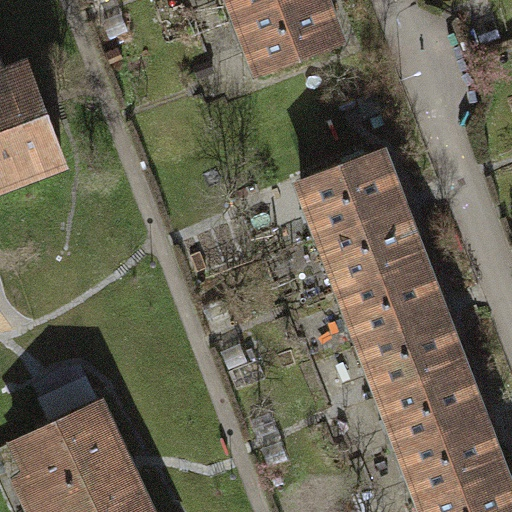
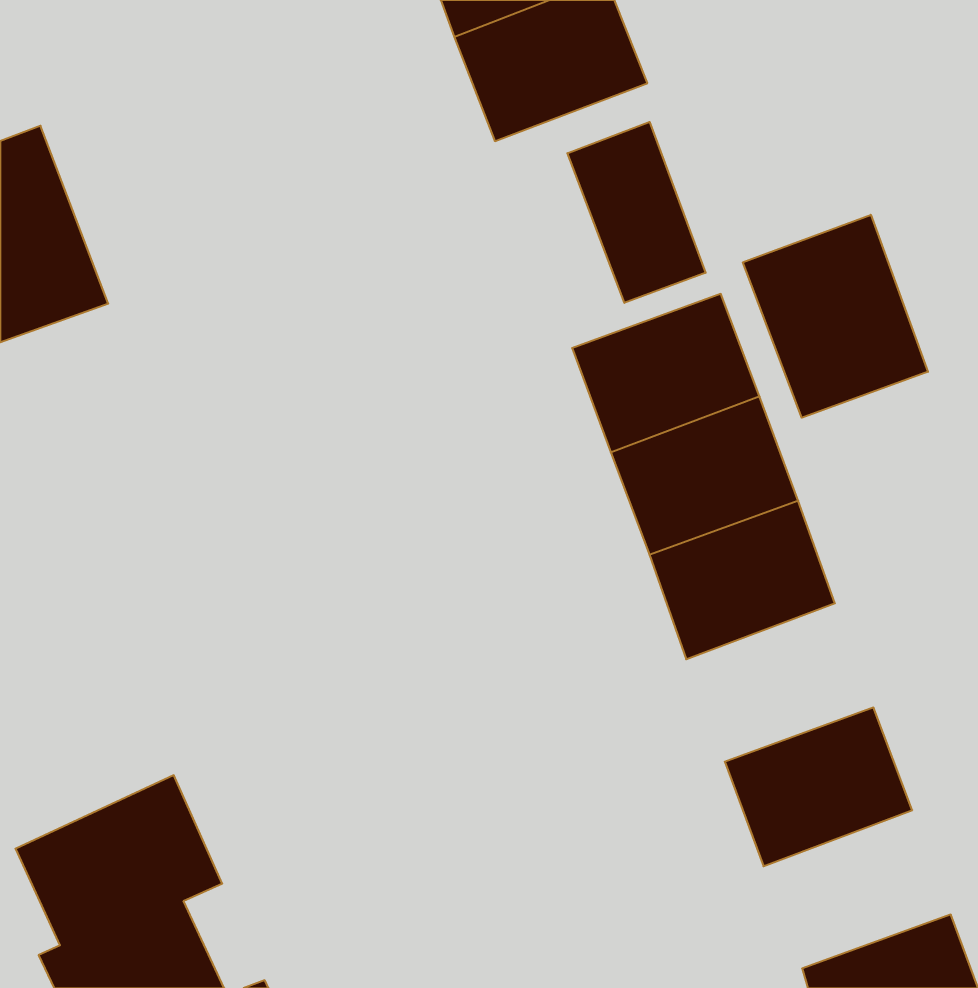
building: none -> [567,122,706,303]
building: none -> [743,215,928,418]
building: [360,312,457,394] -> none
building: [400,419,497,501] -> none

